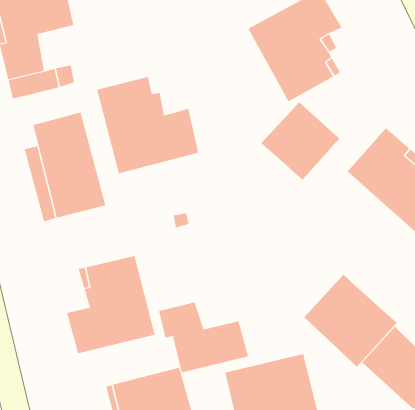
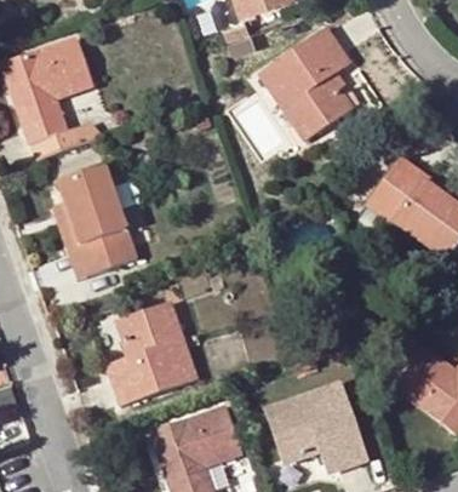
building: [97,76,199,174] -> none
building: [261,101,340,181] -> none
building: [303,274,398,367] -> none
building: [159,301,249,373] -> none

